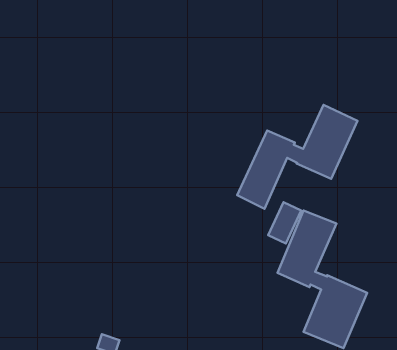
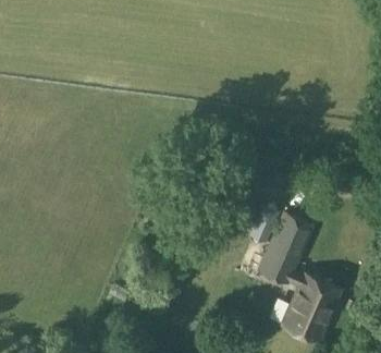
building: [237,105,358,209] -> none

